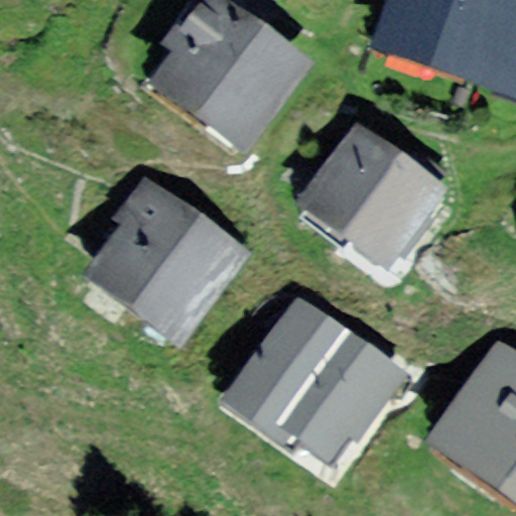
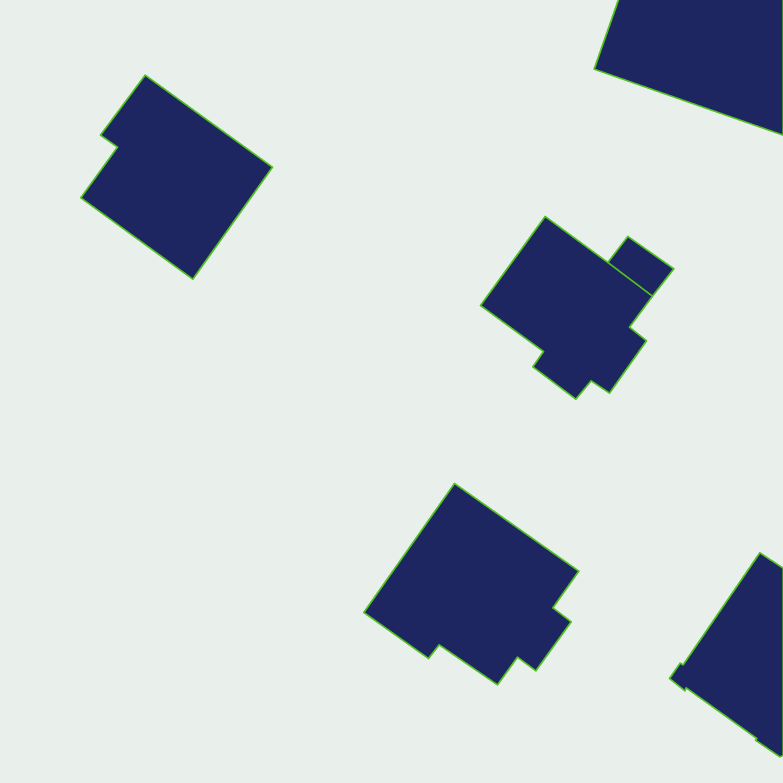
building: [166,8,292,142] -> [81,75,273,279]
building: [101,198,229,333] -> none

